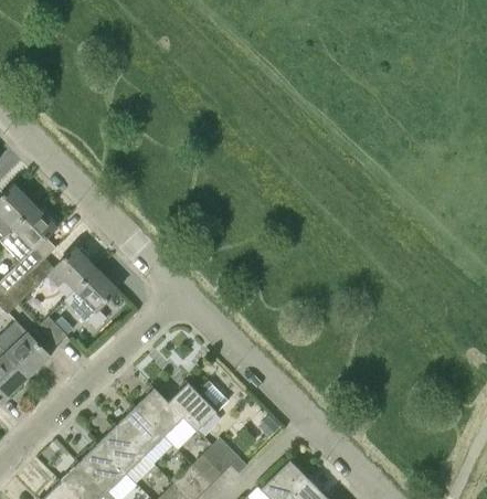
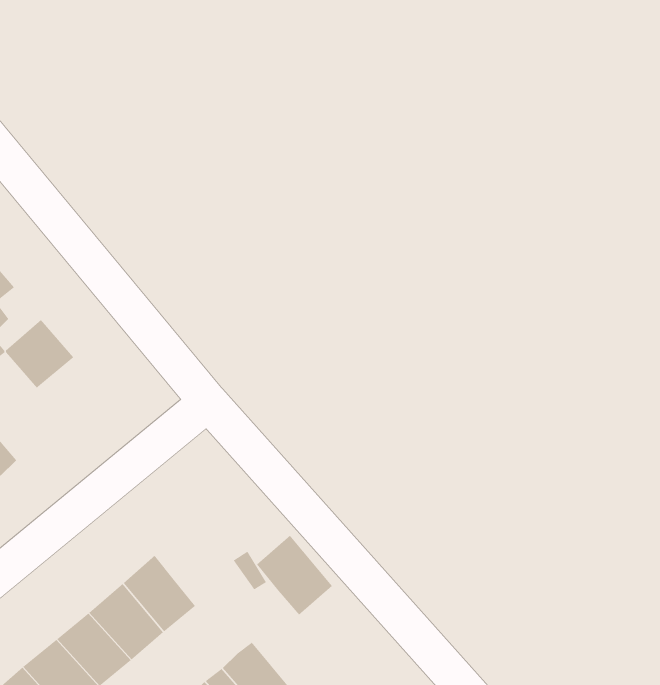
building: [65,269,117,321] -> none
building: [169,383,218,433] -> [256,535,333,616]

